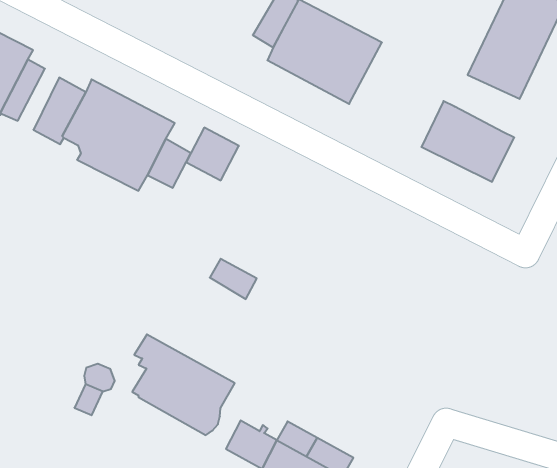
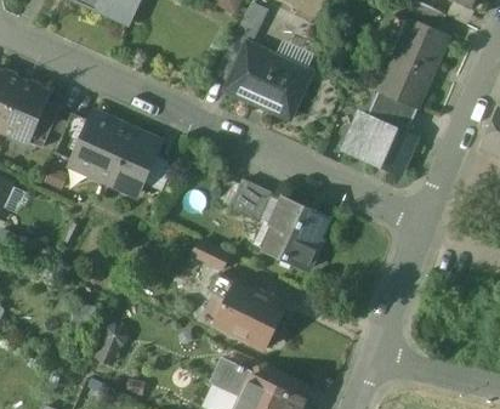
building: none -> [369,92,416,134]
building: [186,128,239,180] -> [232,181,271,220]
building: none -> [262,199,328,268]
building: [132,334,235,435] -> [209,274,285,347]

